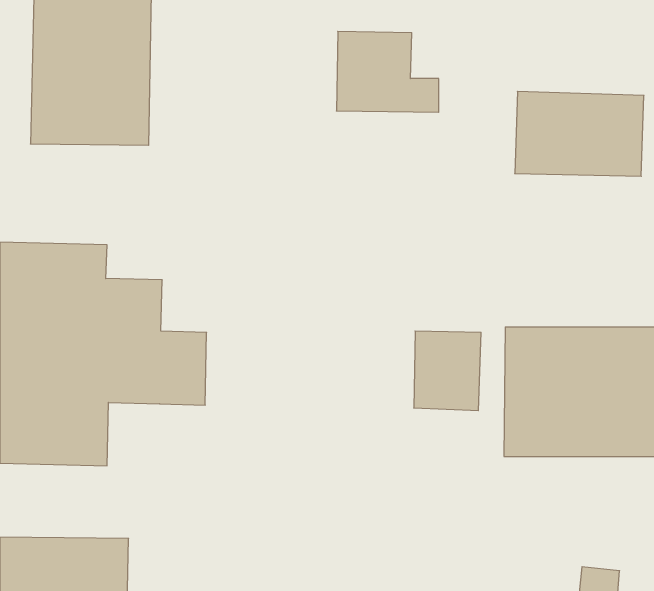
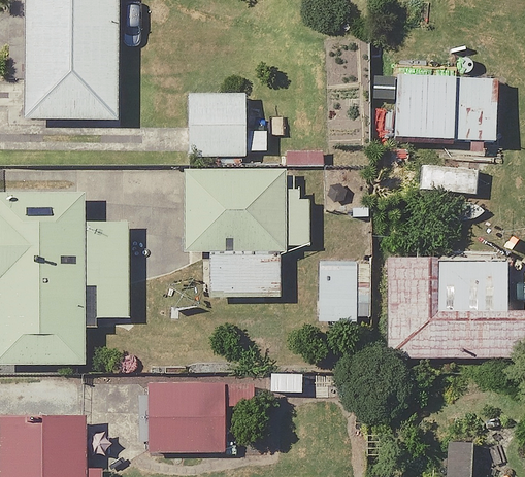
building: [336,31,439,112] -> [188,93,266,155]
building: none -> [183,169,306,297]
building: none -> [146,379,240,451]

